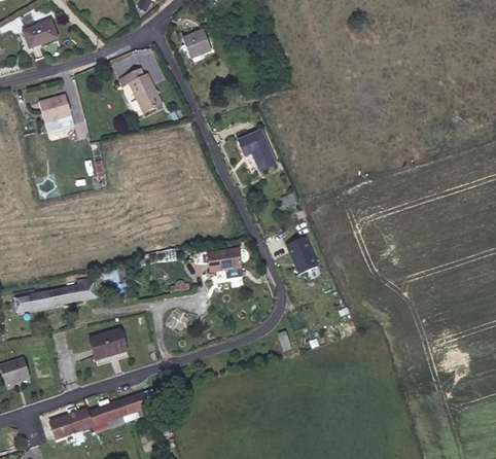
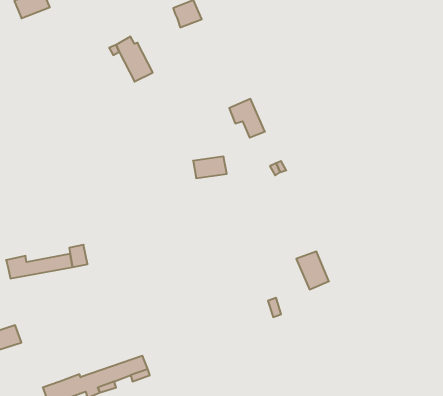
building: [38,94,71,121] -> none
building: [286,236,319,274] -> [296,252,329,289]
building: [207,249,241,271] -> [193,157,227,178]
building: [88,329,126,358] -> none

